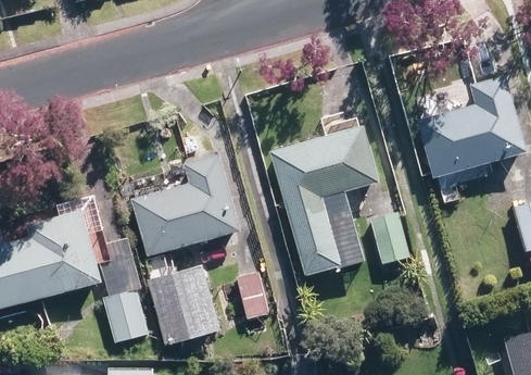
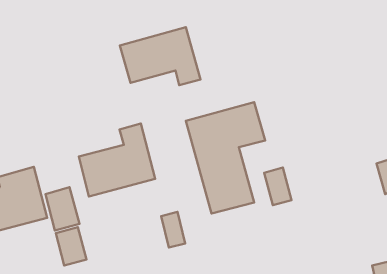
building: none -> [120,27,200,85]
building: [422,80,522,174] -> none
building: [150,268,217,345] -> none

